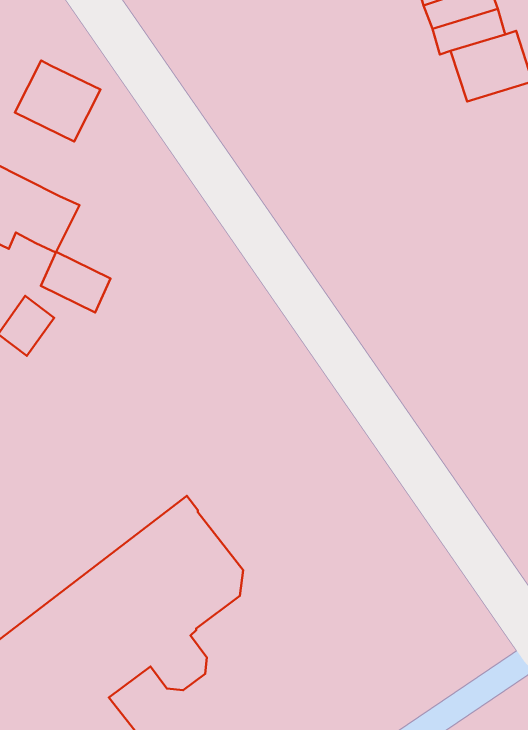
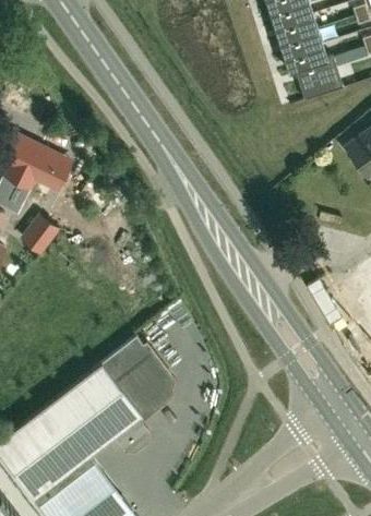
building: [15,61,100,141] -> none
building: [41,252,111,312] -> none

